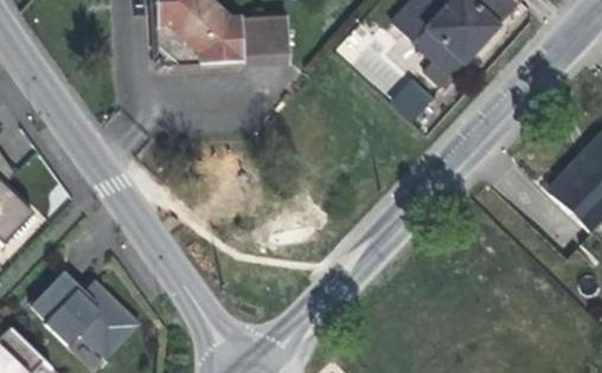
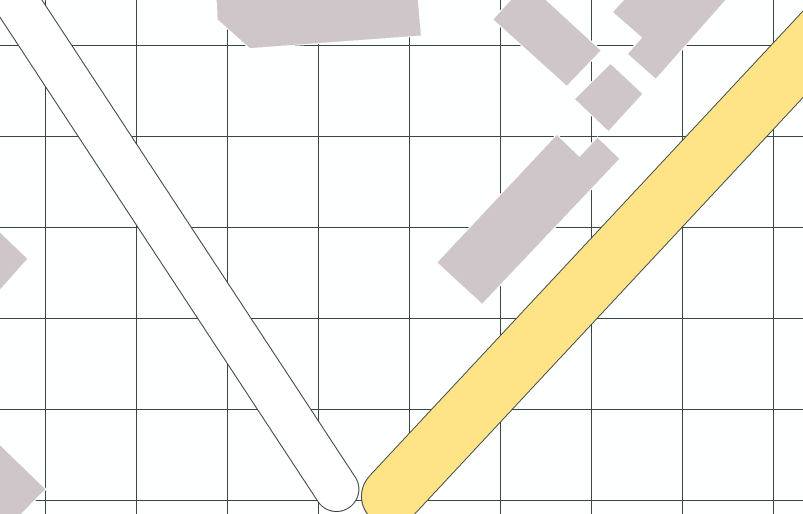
building: none -> [436,134,620,304]
building: [31,265,142,355] -> none

